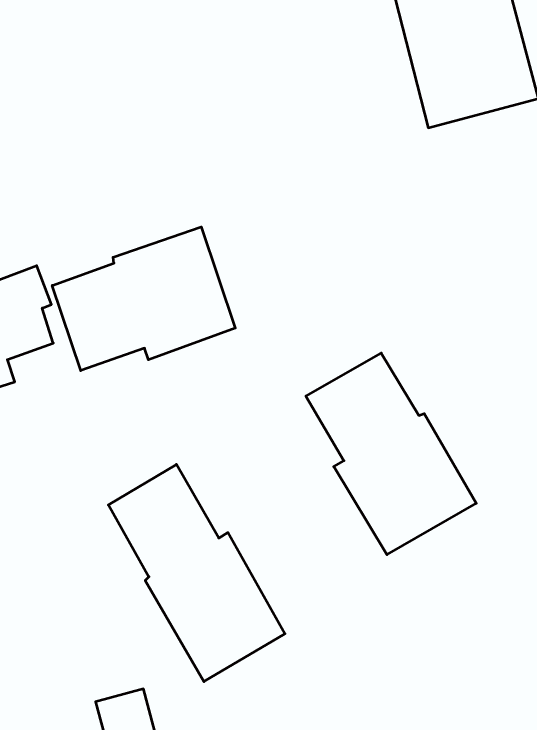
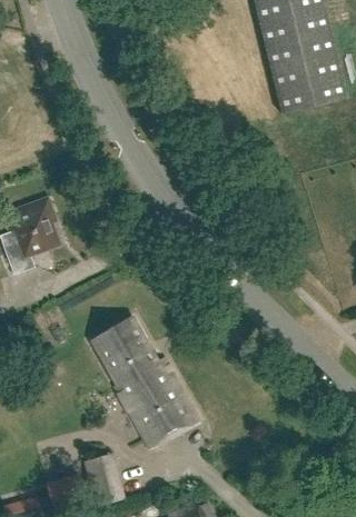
building: [52,227,235,371] -> none
building: [306,353,476,555] -> none

